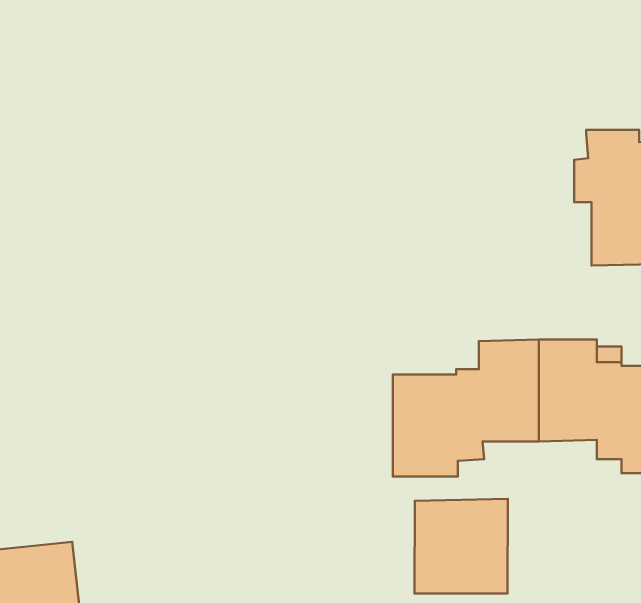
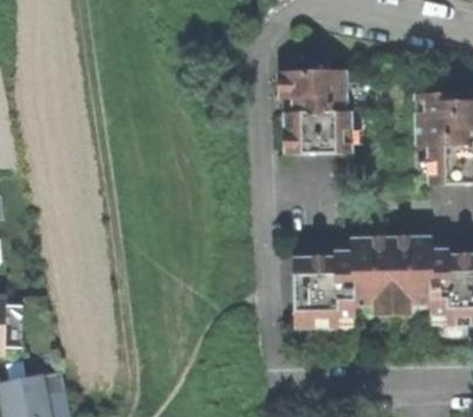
building: none -> [277,70,349,154]
building: [414,499,508,593] -> none

